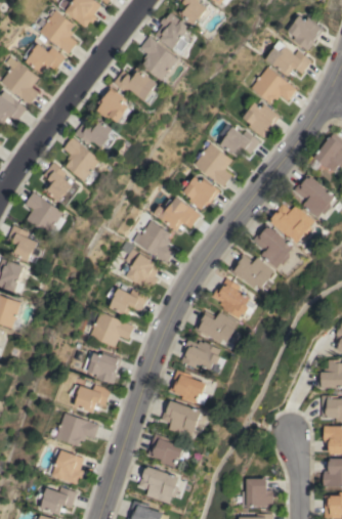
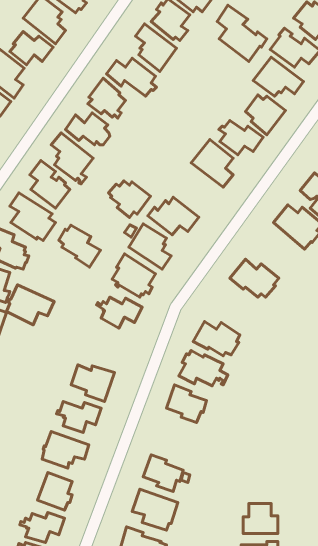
building: none -> [217,5,267,61]
building: [180,177,219,211] -> [108,181,151,217]
building: none -> [59,225,100,267]
building: [252,224,293,269] -> none
building: [212,278,257,319] -> none
building: [89,311,133,348] -> [6,285,54,325]
building: [162,400,204,438] -> none

